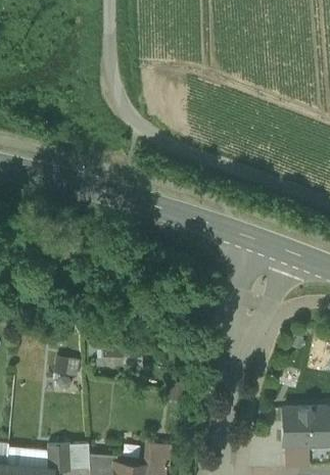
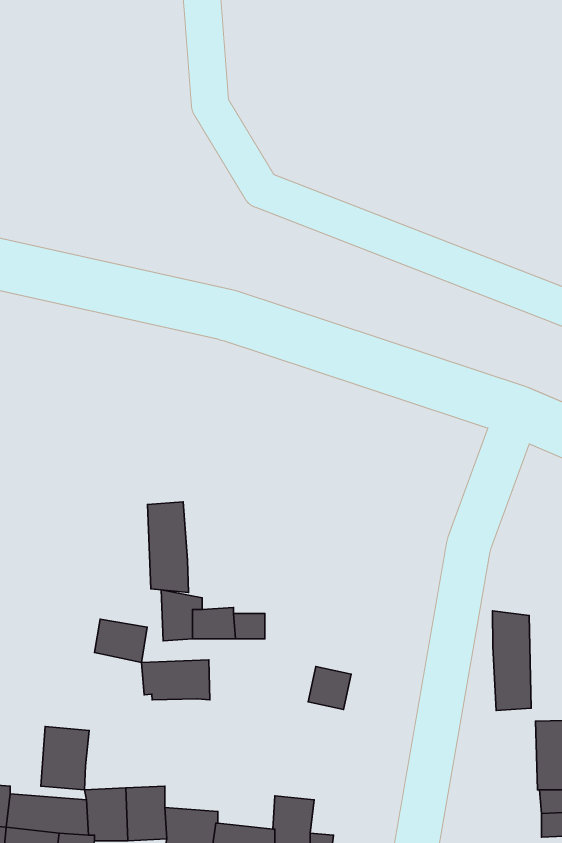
building: none -> [147,502,188,593]
building: none -> [493,611,531,710]
building: none -> [141,660,210,700]
building: none -> [41,727,89,790]

